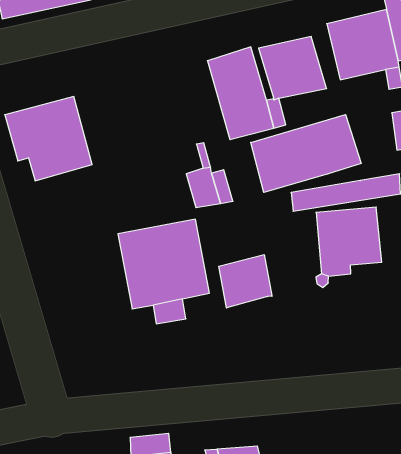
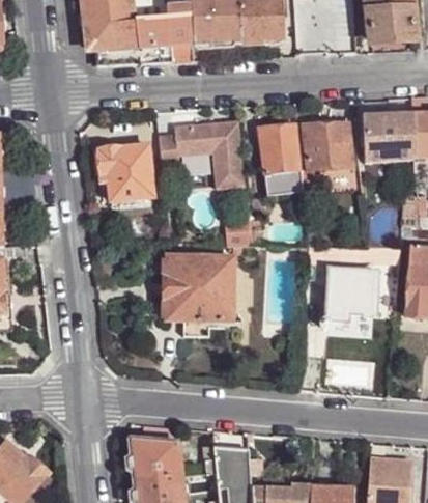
building: none -> [159,120,245,188]
building: [251,115,361,192] -> none
building: [219,255,272,308] -> none

